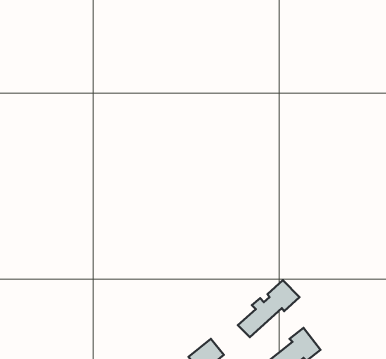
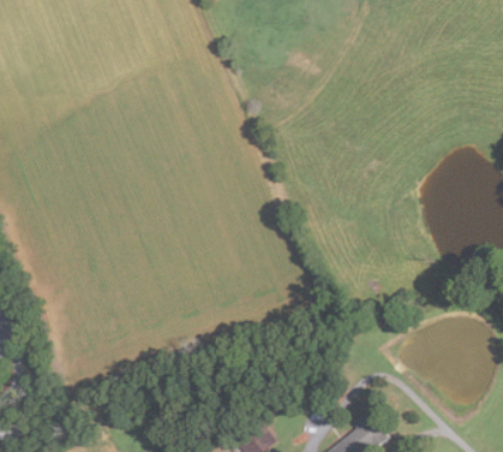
building: [238,280,299,337] -> none

